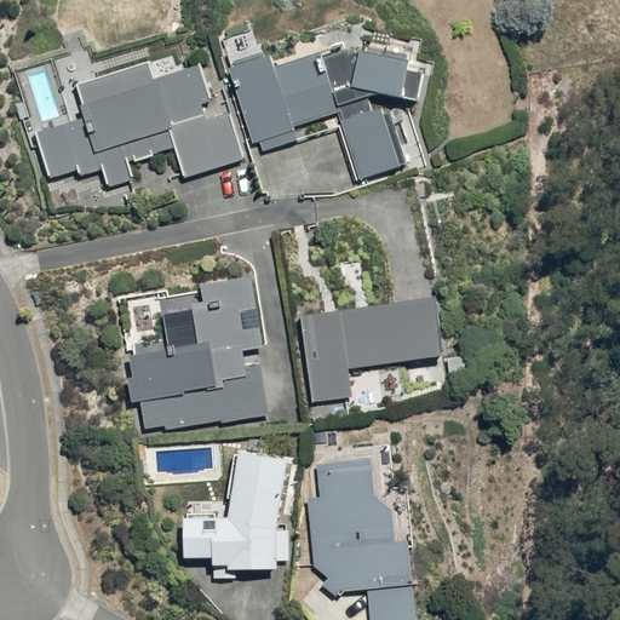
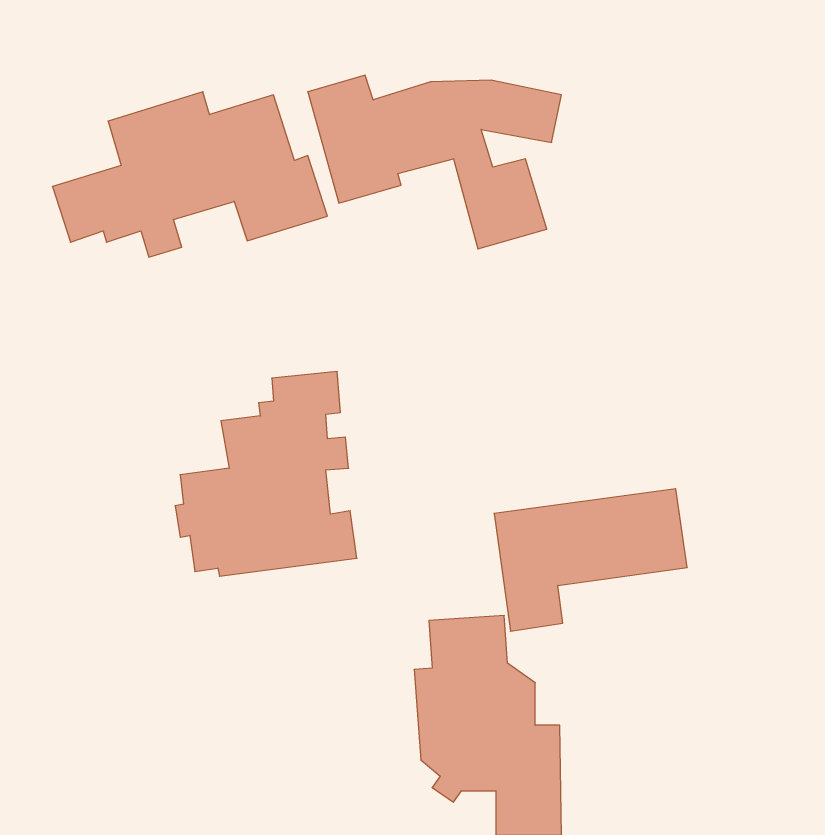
building: [294,297,437,402] -> [494,489,687,631]
building: [188,449,288,564] -> none

